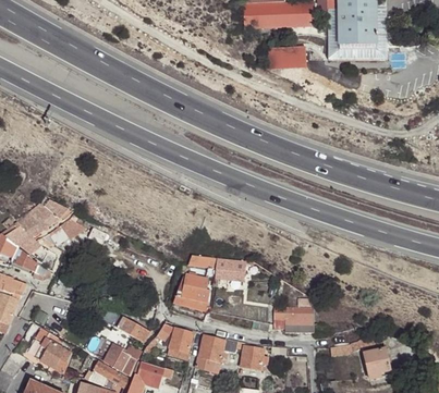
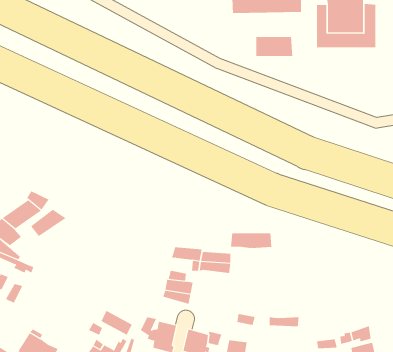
building: [272,308,314,323] -> [230,233,272,248]

